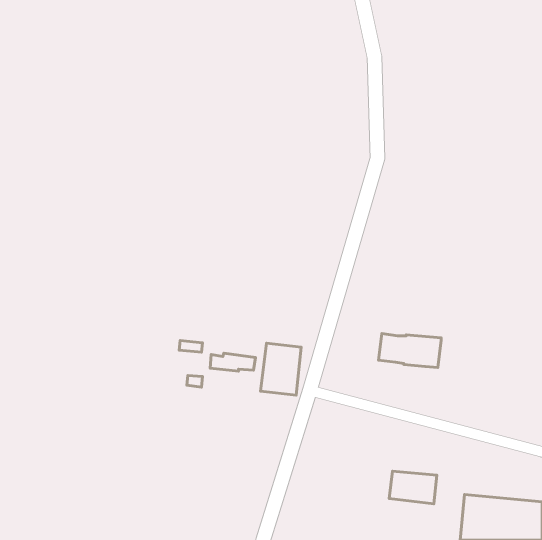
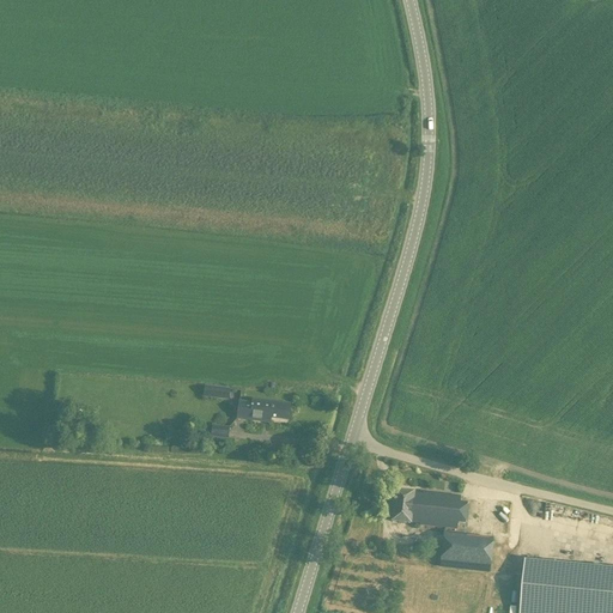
building: [379,334,441,368] -> [390,490,461,528]
building: [260,343,301,395] -> none

